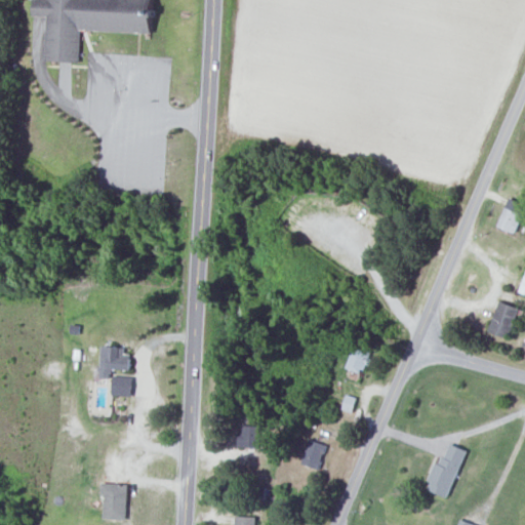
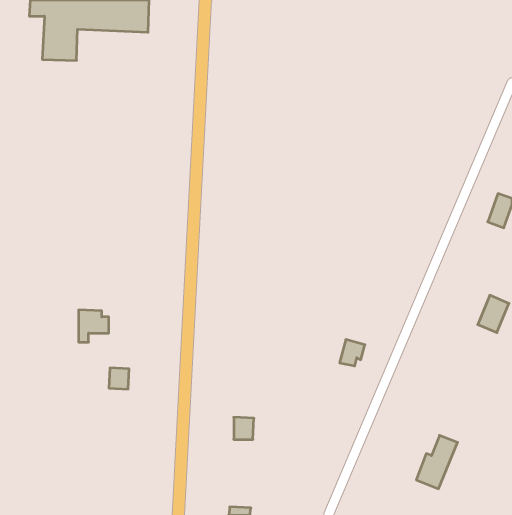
building: [99,346,130,378] -> [79,310,109,342]
building: [299,439,325,469] -> none
building: [100,483,126,519] -> none

